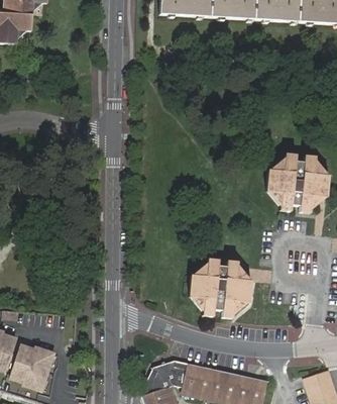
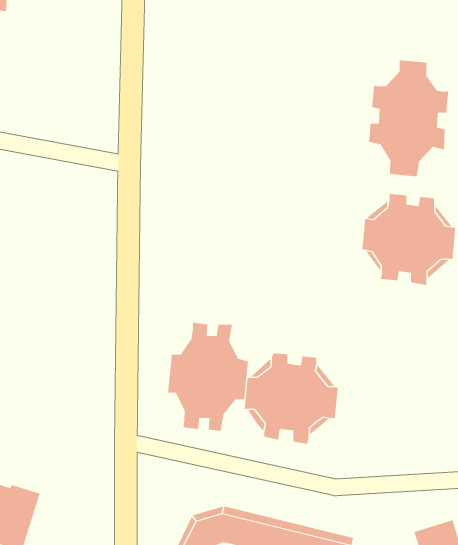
building: none -> [369,59,449,177]
building: none -> [168,322,248,432]

